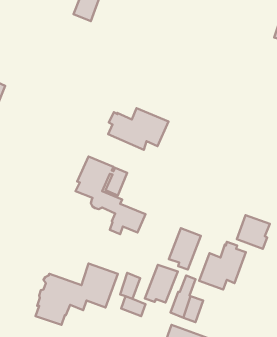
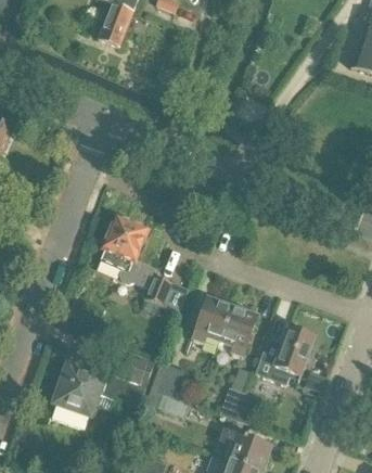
building: [108,108,168,150] -> none
building: [237,215,270,249] -> none
building: [145,265,178,303] -> [191,297,232,345]

